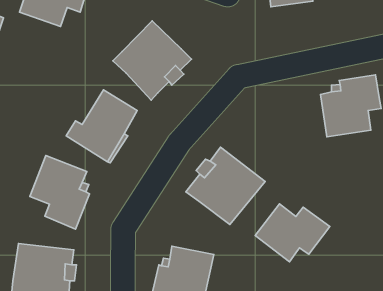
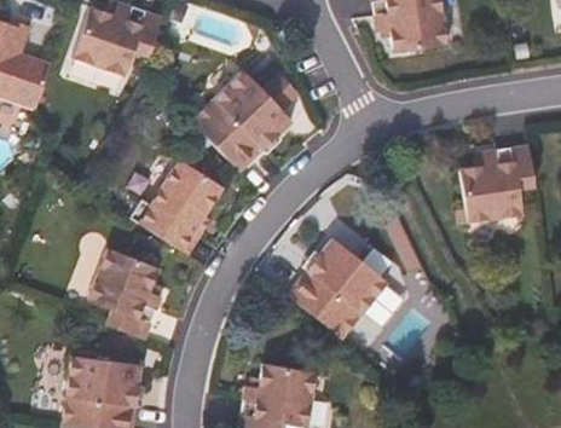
building: [255,204,330,262] -> none

